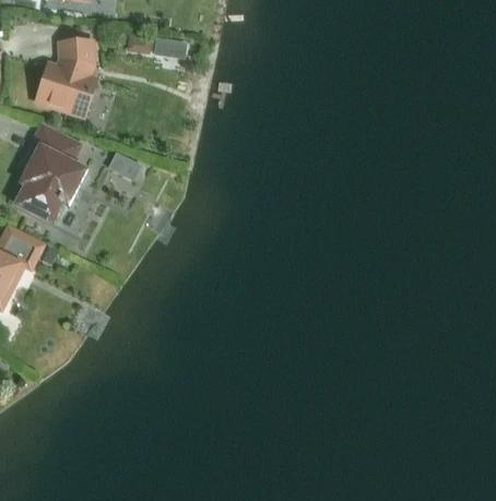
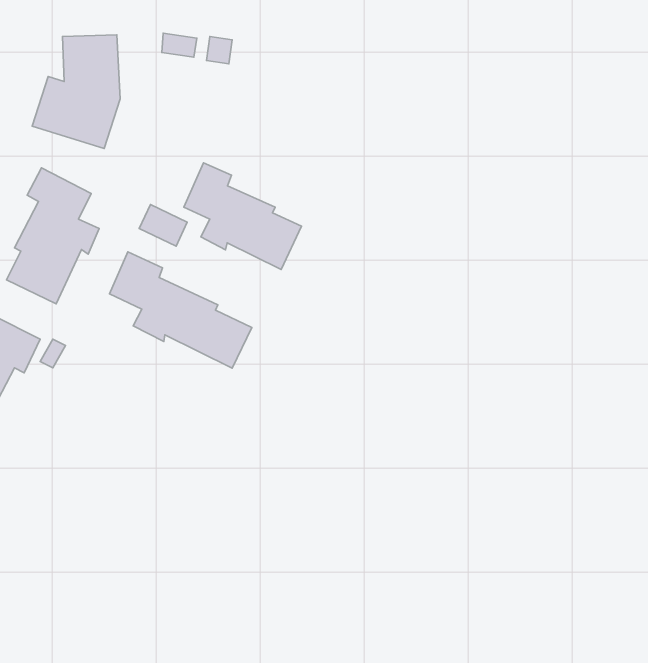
building: none -> [184,163,302,269]
building: none -> [110,252,252,368]

